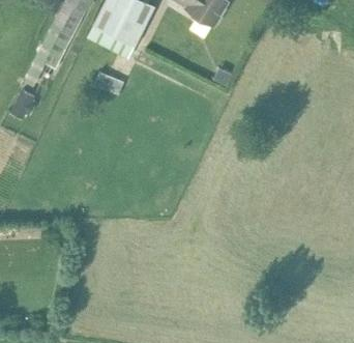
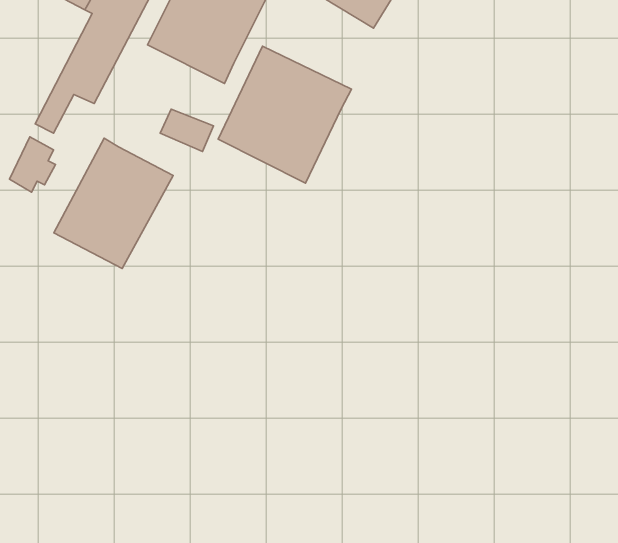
building: none -> [218,46,351,183]
building: none -> [54,138,173,269]

